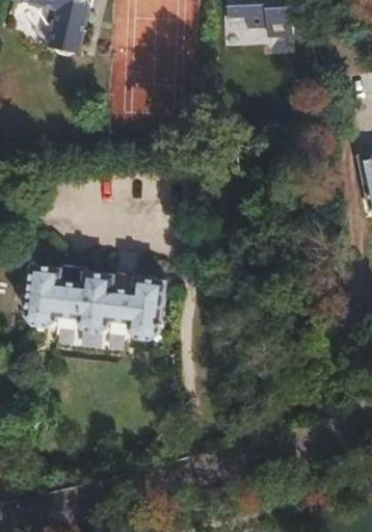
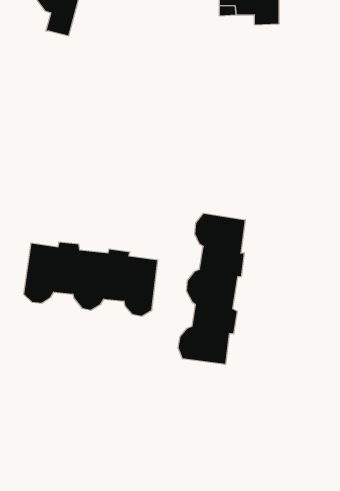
building: none -> [178,213,245,365]

